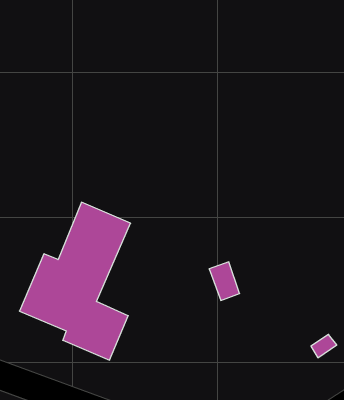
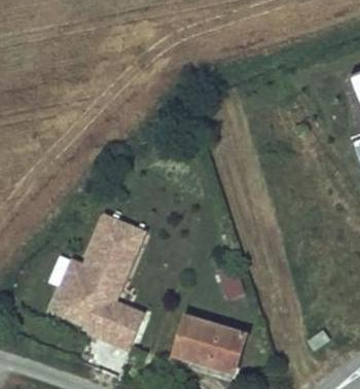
building: none -> [172,315,250,380]

